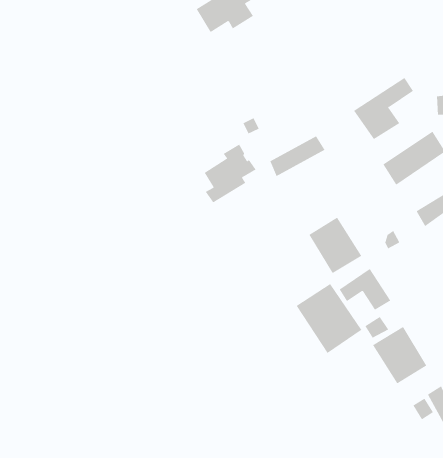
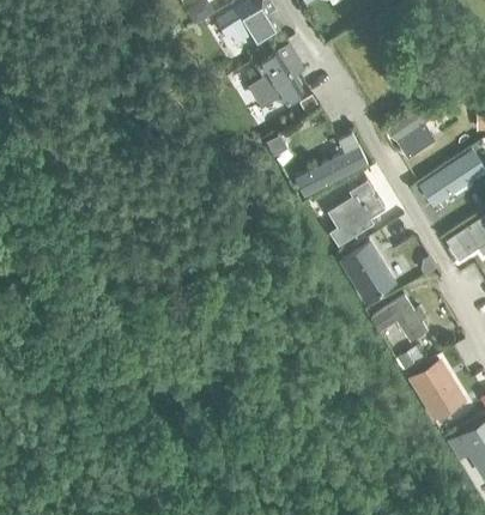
building: none -> [249,42,304,104]
building: [204,144,256,203] -> [331,178,387,242]
building: [296,283,362,354] -> none

